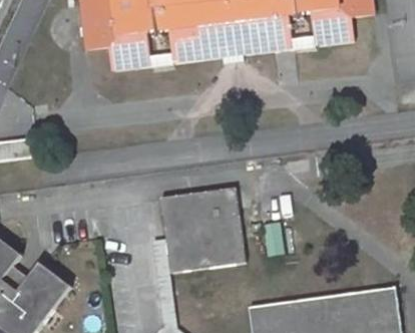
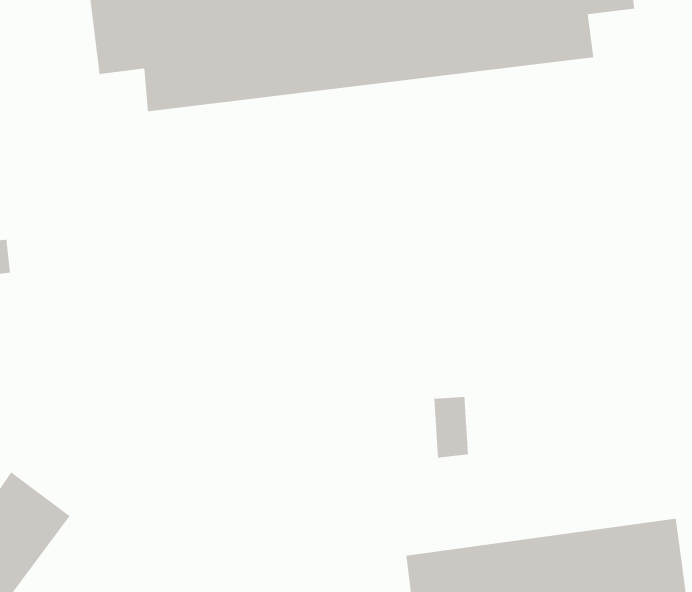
building: [161,188,246,274] -> none

